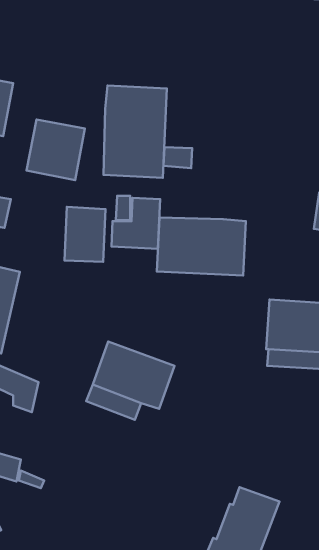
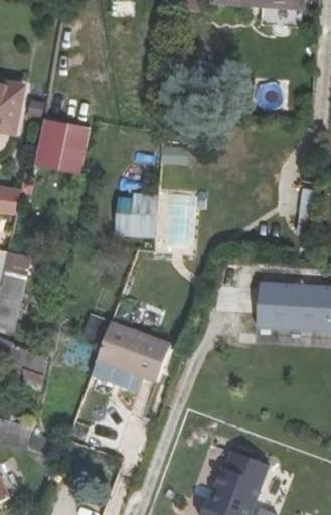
building: [104,86,167,178] -> none
building: [64,207,105,262] -> none
building: [157,217,246,275] -> none

